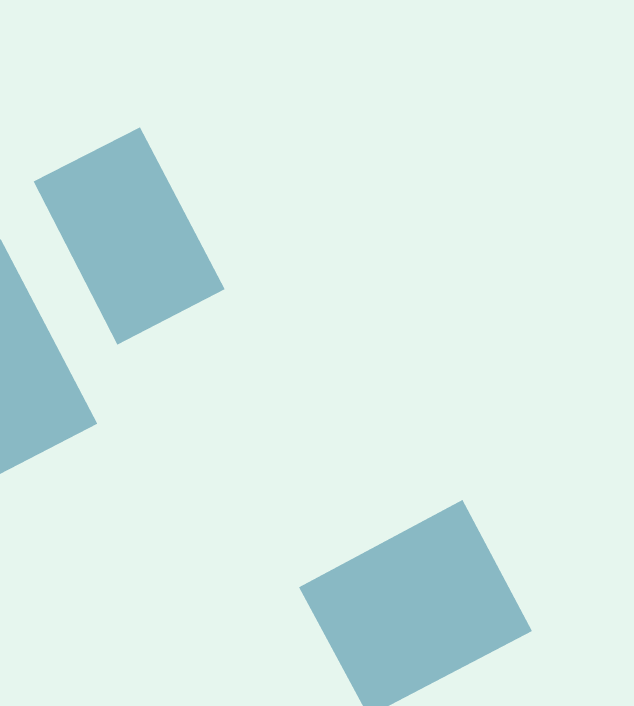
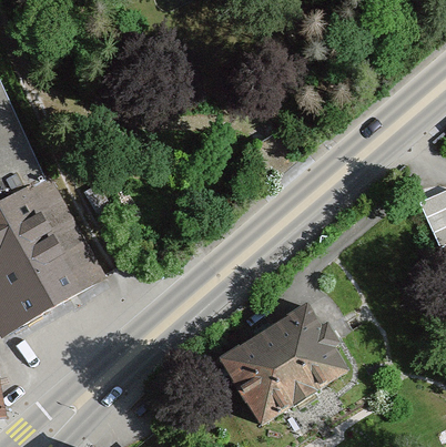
building: [33,127,225,345] -> none

